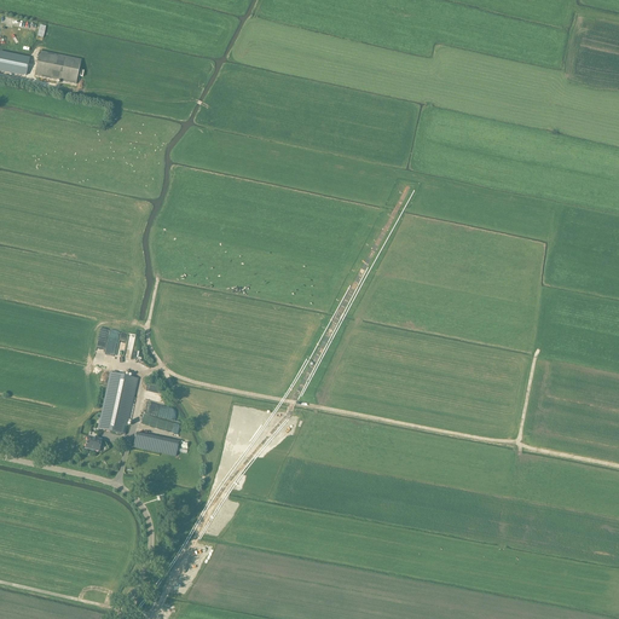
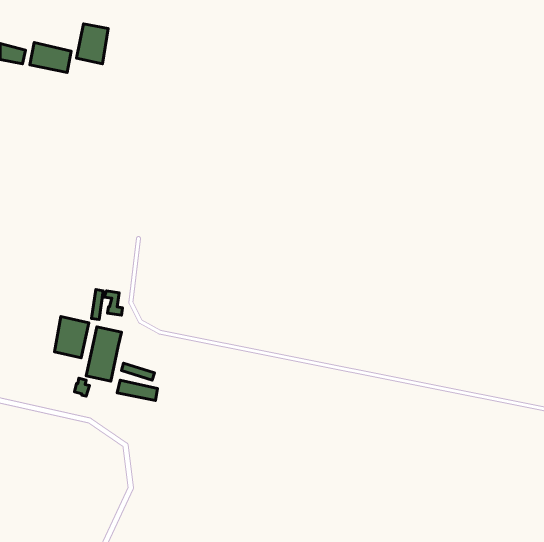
building: none -> [77,24,108,64]
building: none -> [54,316,89,358]

